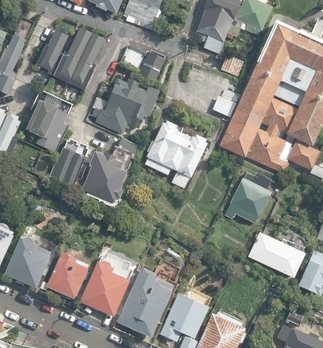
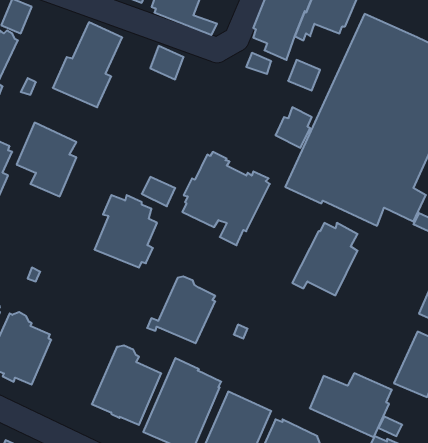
building: [35,28,68,75] -> none
building: [140,50,167,81] -> none
building: [91,79,160,135] -> none
building: [48,139,88,188] -> none
building: [248,231,307,277] -> [310,373,392,437]
building: [40,251,89,299] -> [147,276,215,343]

